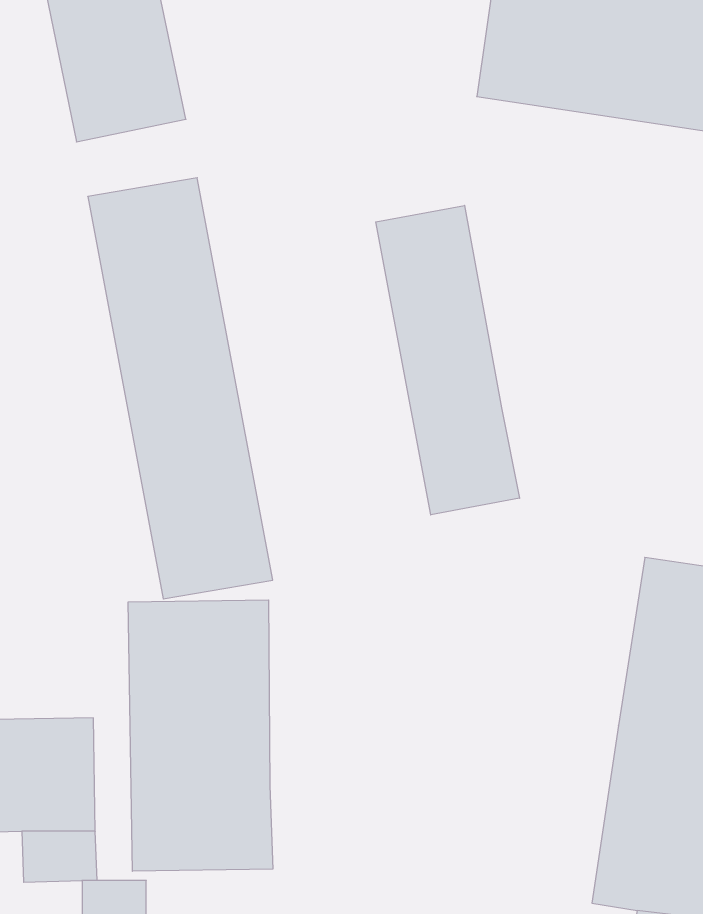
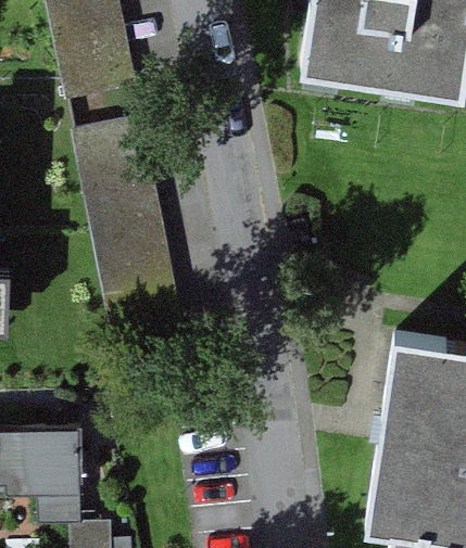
building: [376,205,520,515] -> none
building: [128,600,273,871] -> none

